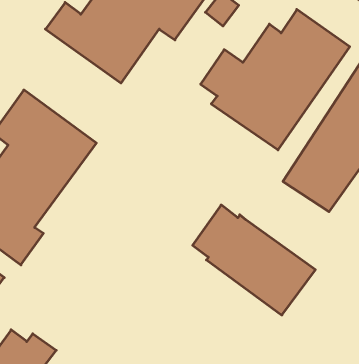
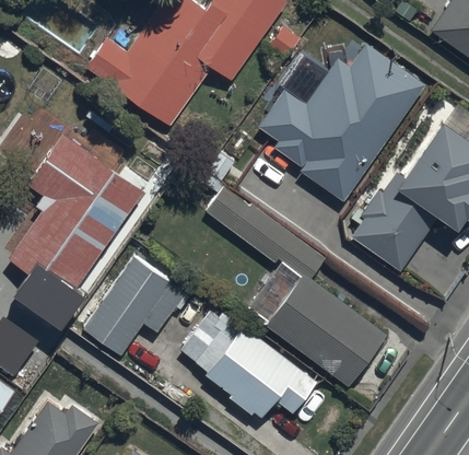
building: none -> [207,187,325,279]
building: none -> [83,257,190,357]
building: none -> [180,312,317,419]

